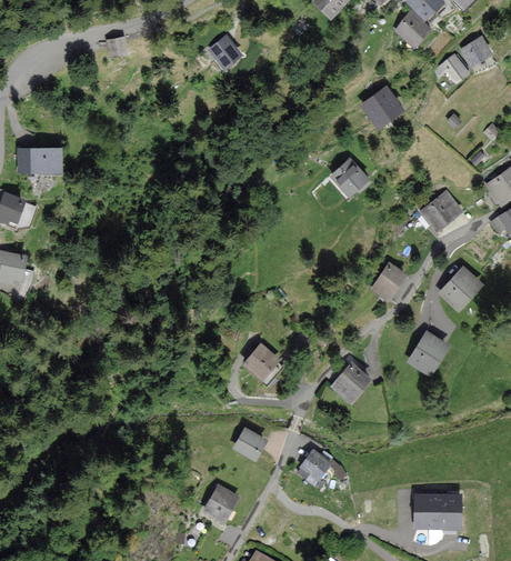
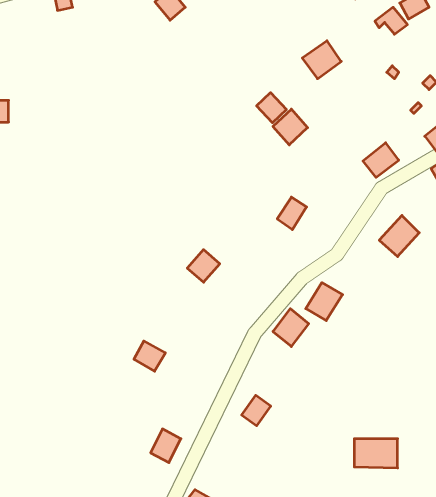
building: none -> [257,93,286,123]
building: [374,266,404,299] -> [277,197,307,230]
building: [409,333,447,372] -> [306,283,343,321]
building: [244,345,278,379] -> [187,250,220,282]
building: [234,429,267,460] -> [134,341,165,371]

